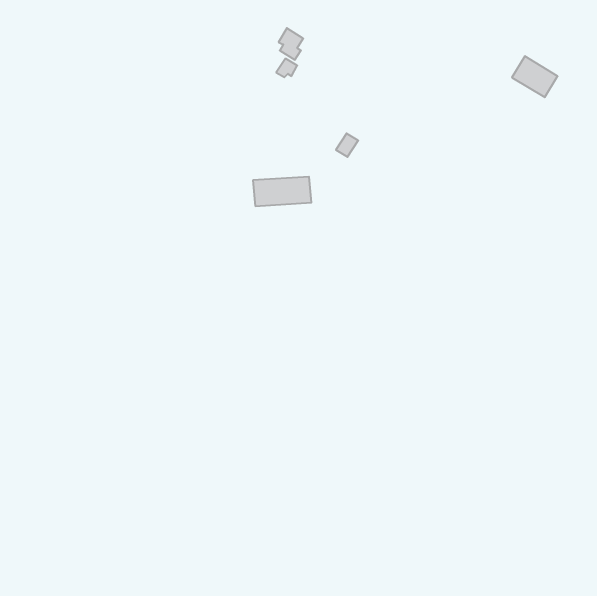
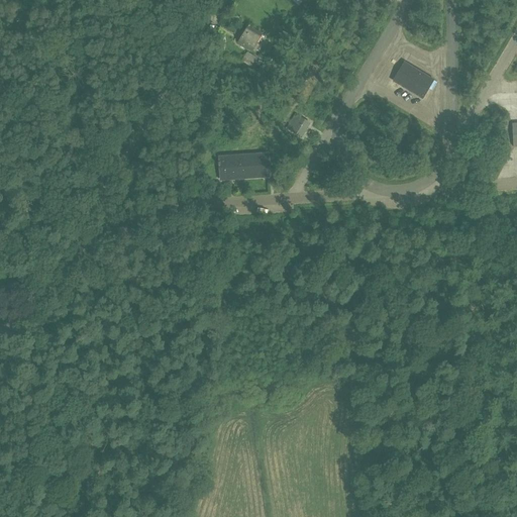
building: [512,56,558,97] -> [393,62,432,97]

